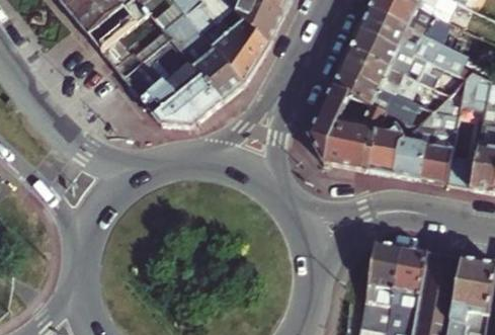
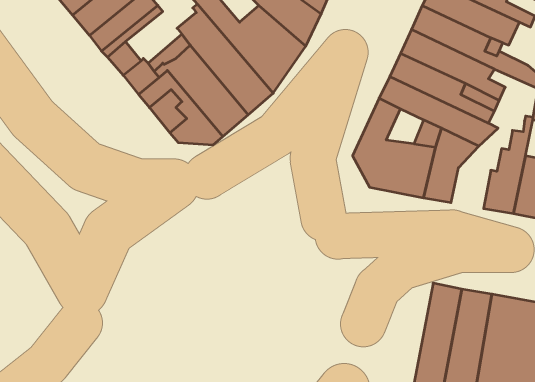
building: [394,98,456,178] -> none

